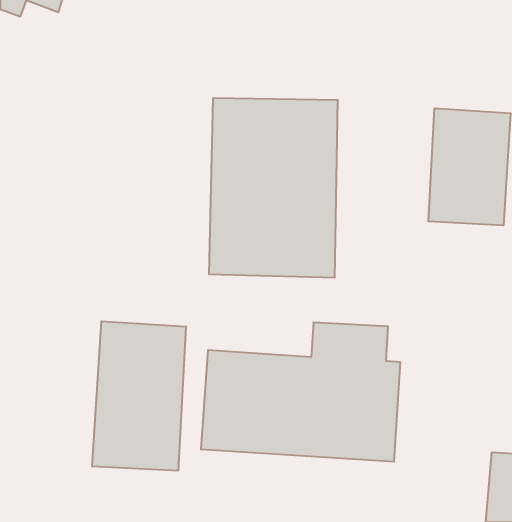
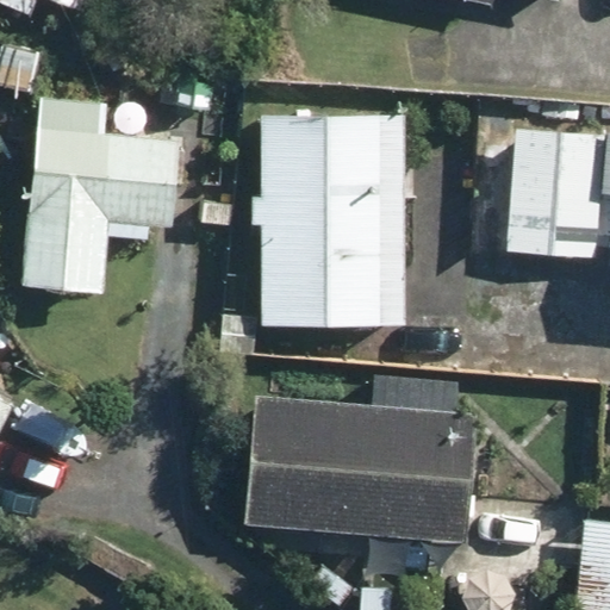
building: none -> [20,95,175,294]
building: [92,321,186,471] -> none

